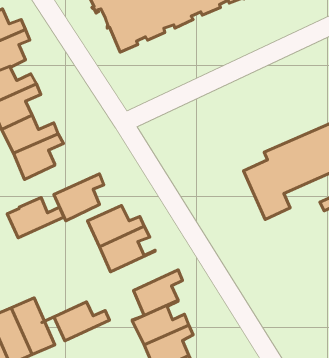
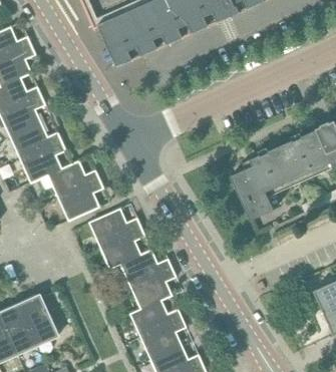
building: [7,197,64,238] -> [46,160,98,198]
building: [42,302,109,341] -> [108,250,171,286]

